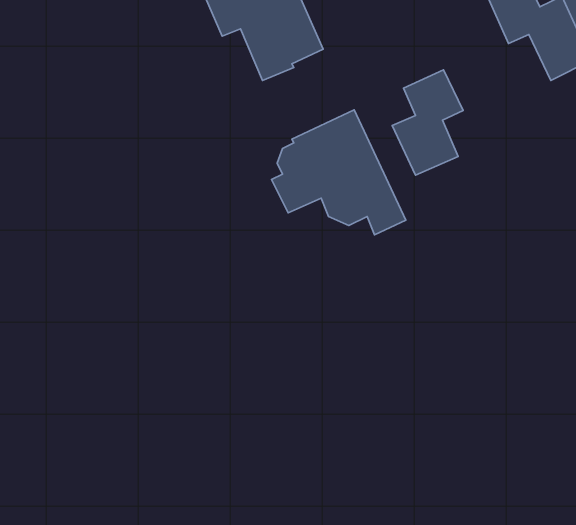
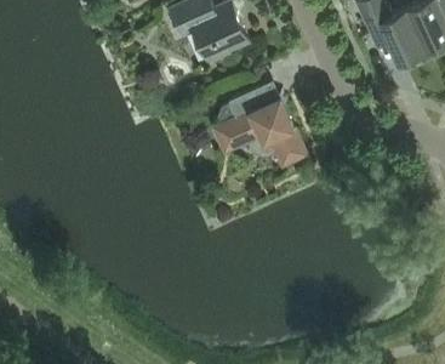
building: [392,70,463,175] -> none

